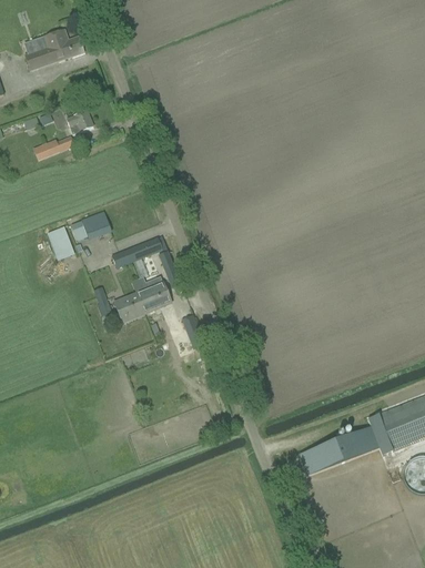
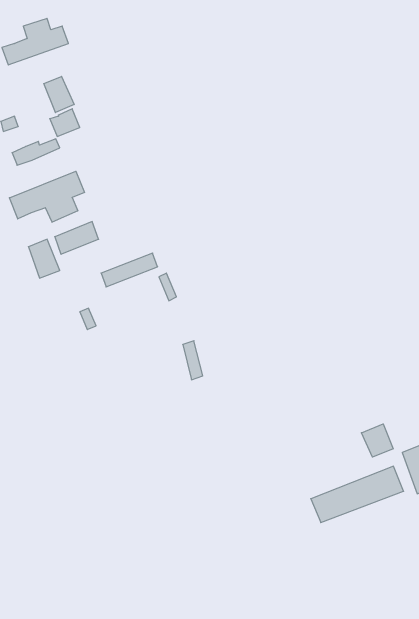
building: none -> [44,76,74,113]
building: none -> [9,171,84,222]
building: [115,282,171,320] -> none
building: none -> [361,424,393,457]

